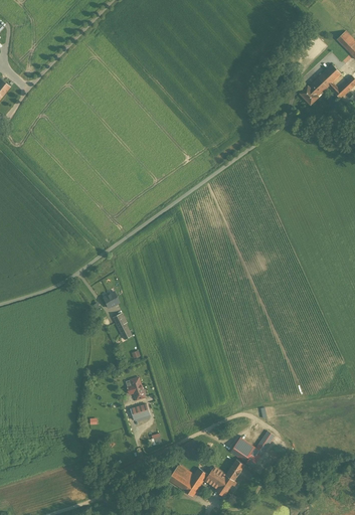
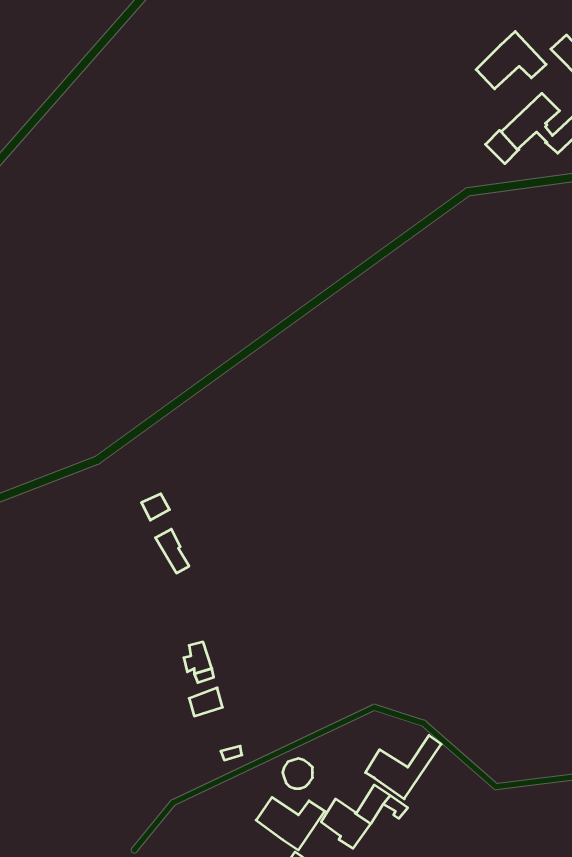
building: none -> [476,31,546,89]

